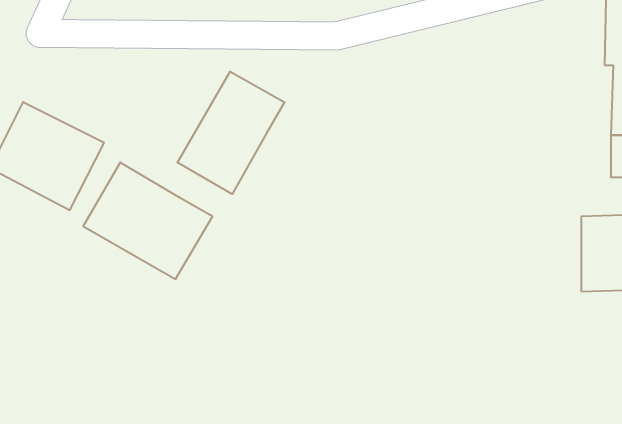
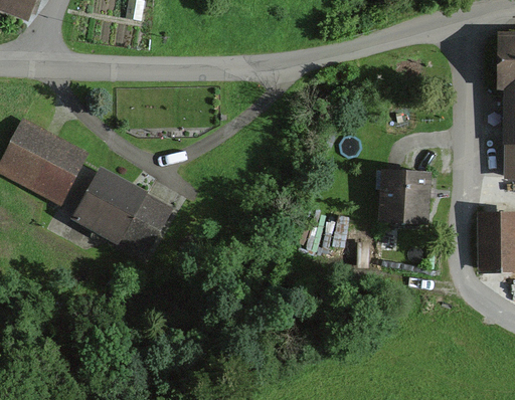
building: [177,72,285,194] -> none
building: none -> [380,170,432,227]

